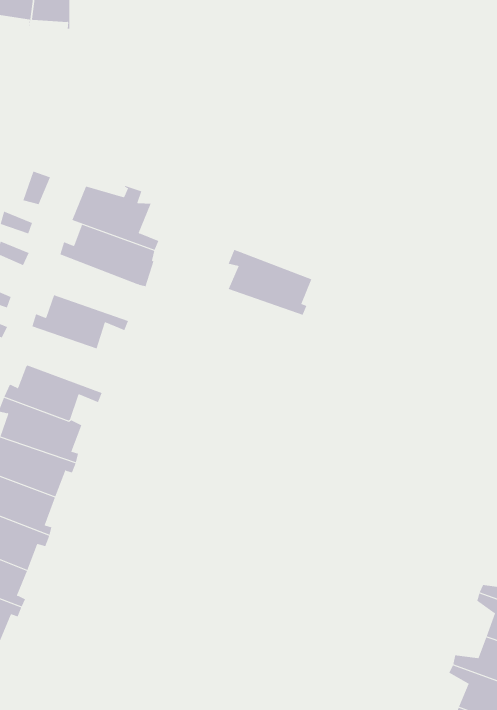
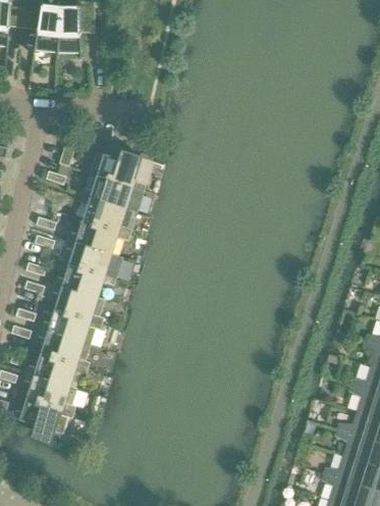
building: [228,249,312,316] -> [80,195,132,233]
building: none -> [62,240,122,277]

